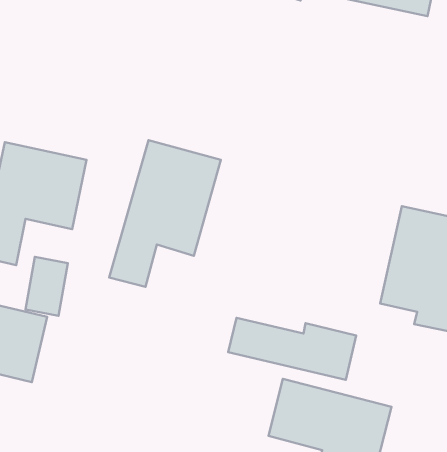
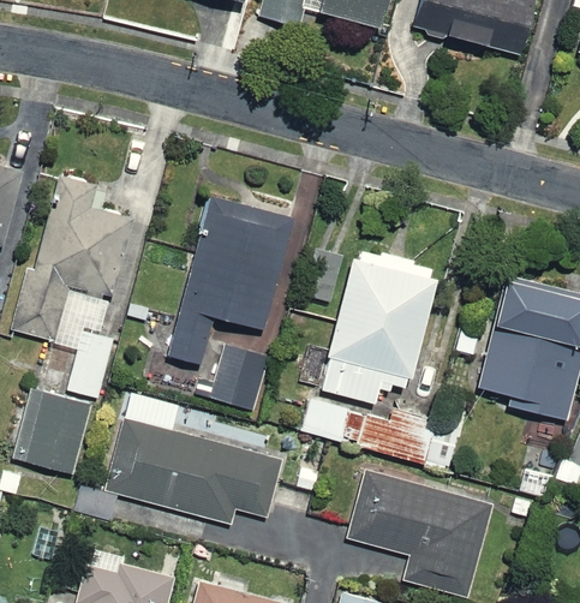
building: none -> [313,258,444,407]
building: none -> [210,340,275,410]
building: none -> [107,422,280,530]

